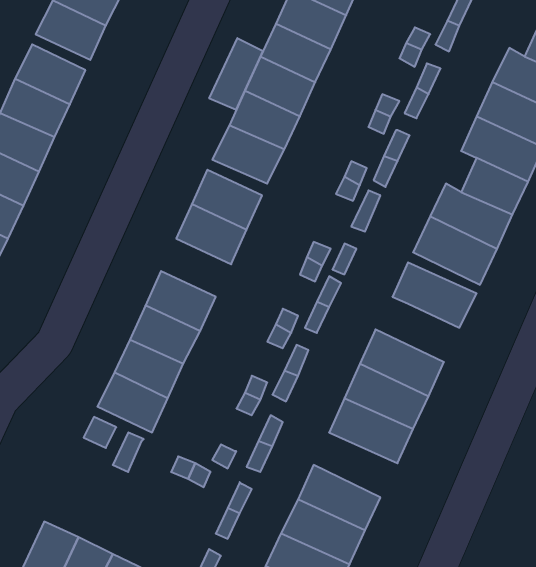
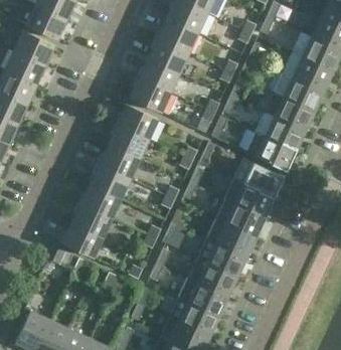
building: [209,38,263,110] -> none
building: none -> [99,144,140,178]
building: none -> [224,178,274,216]
building: none -> [188,257,237,296]

